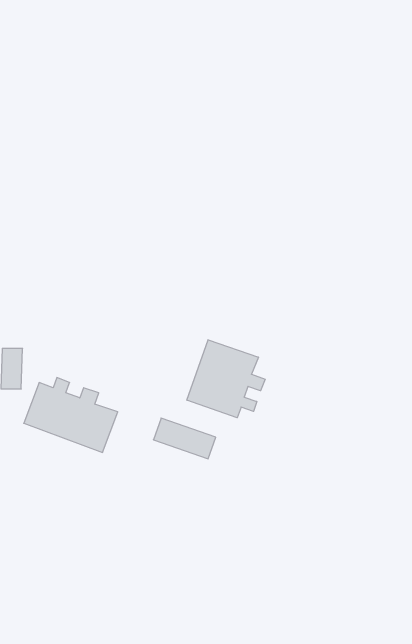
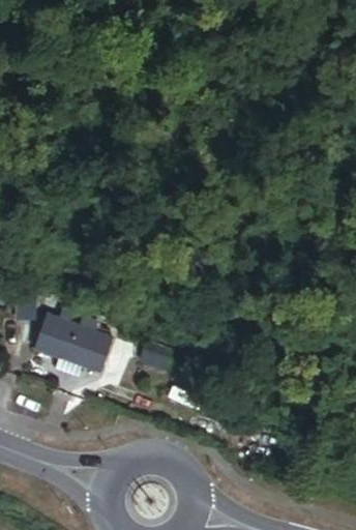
building: [187,340,265,418] -> none

